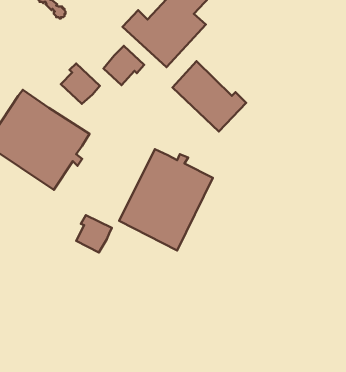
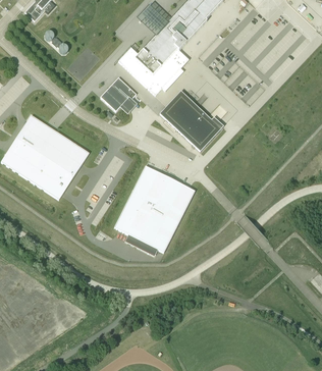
building: [61,63,100,104] -> none
building: [76,215,112,252] -> none

